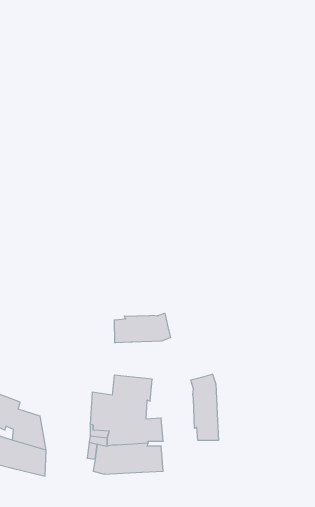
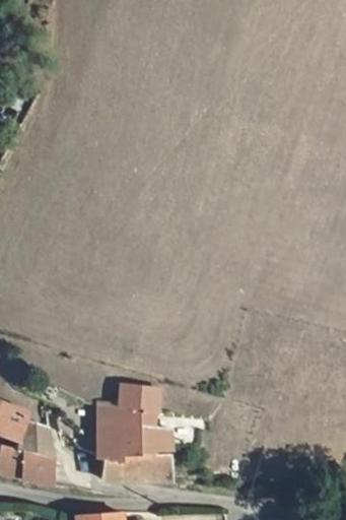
building: [114,313,170,343] -> none
building: [191,374,218,440] -> none

